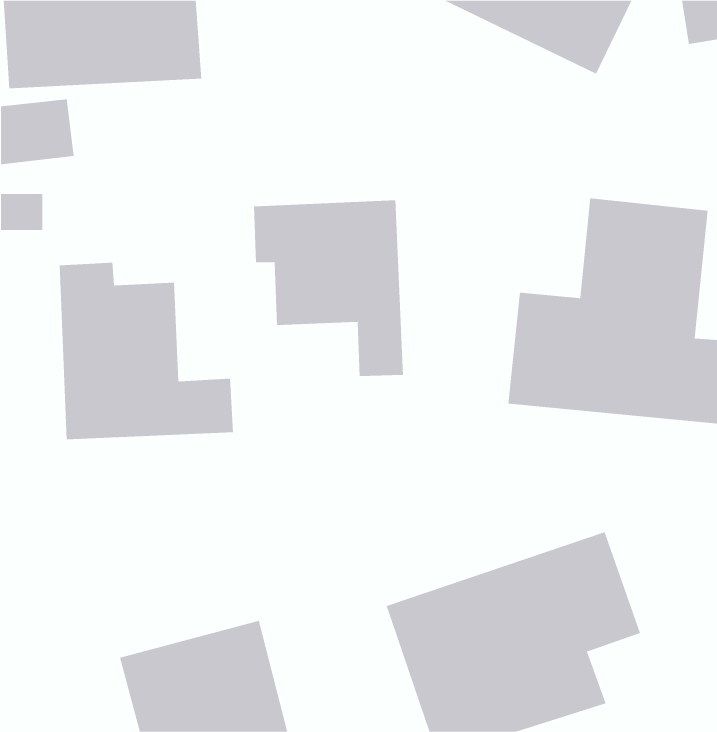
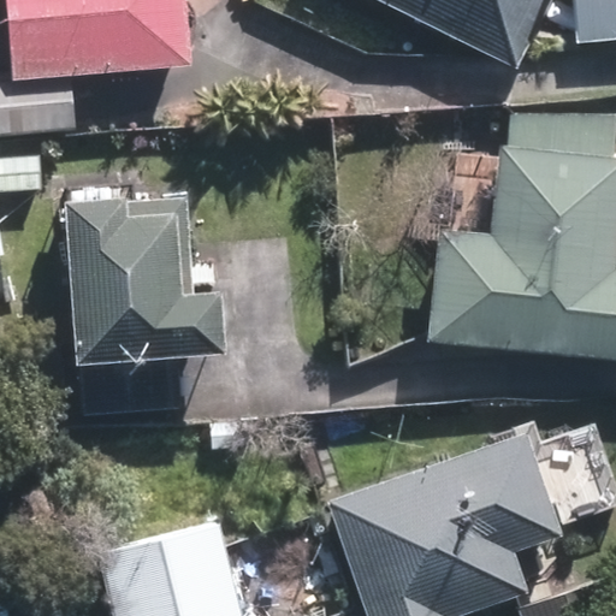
building: [253,199,403,377] -> none

